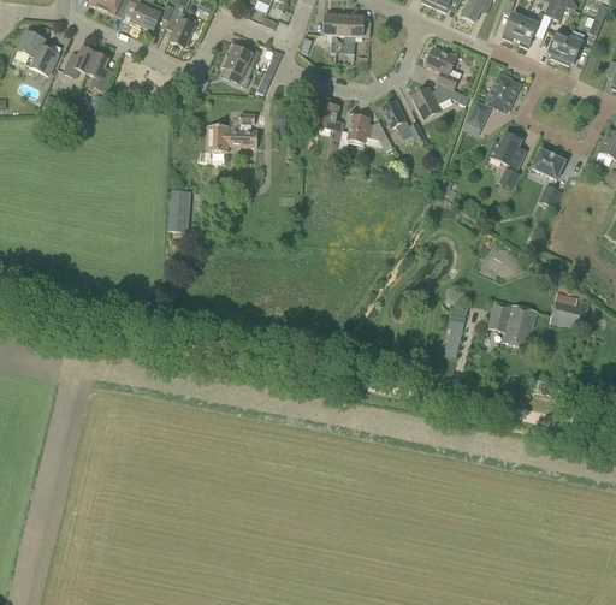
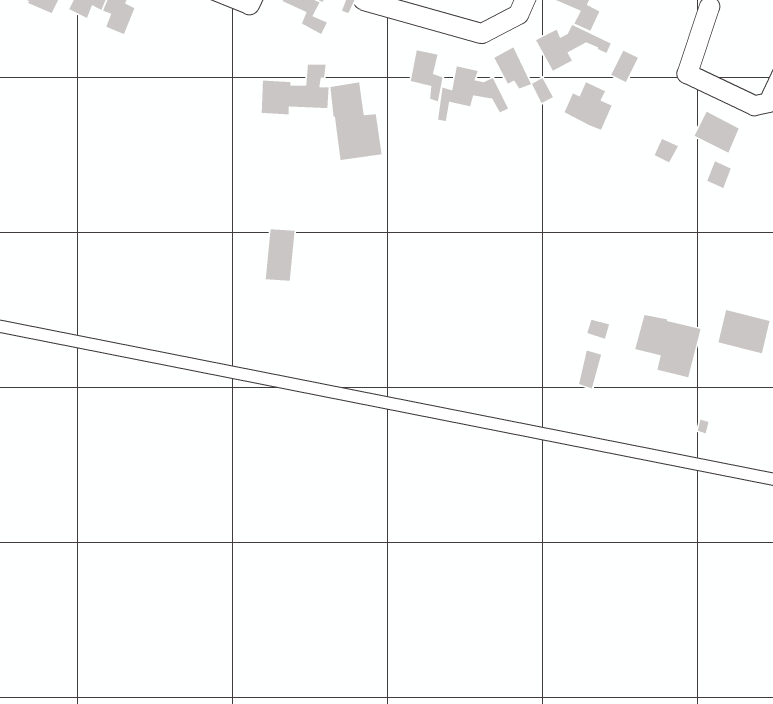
building: [486,72,520,111] -> none
building: none -> [330,81,382,161]
building: [488,131,526,168] -> [563,81,613,131]
building: [167,190,190,230] -> [265,228,295,281]

